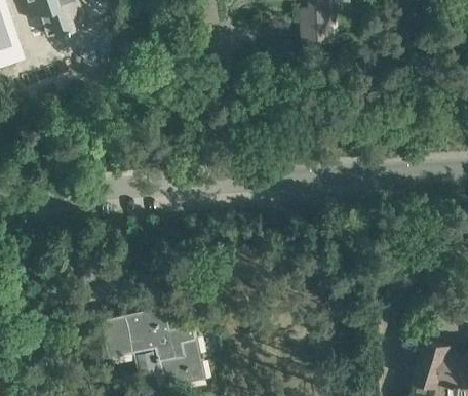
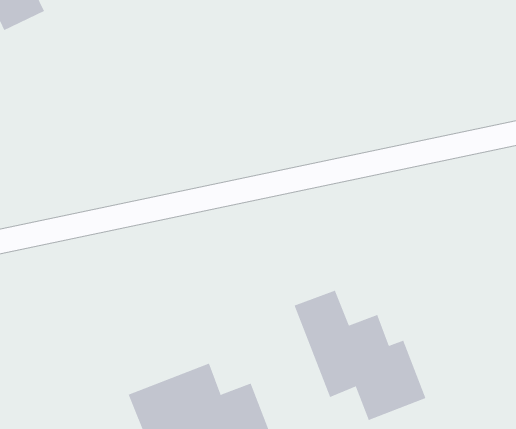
building: none -> [294,290,426,421]

